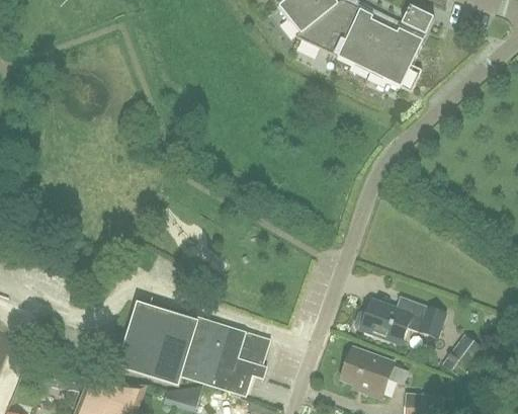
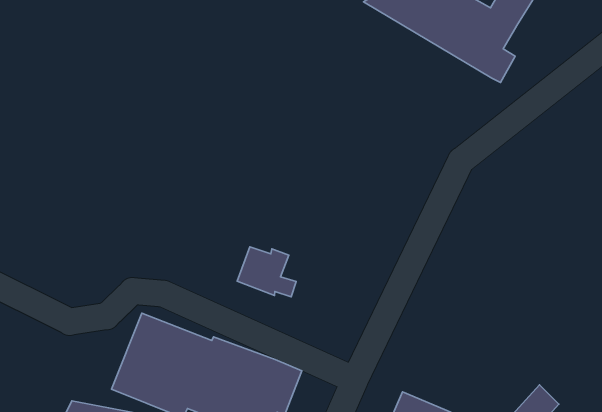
building: none -> [237,247,296,297]
building: [354,296,445,342] -> none

